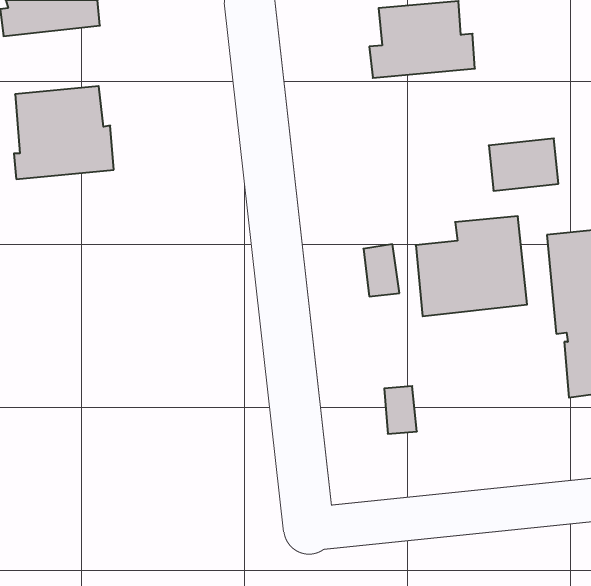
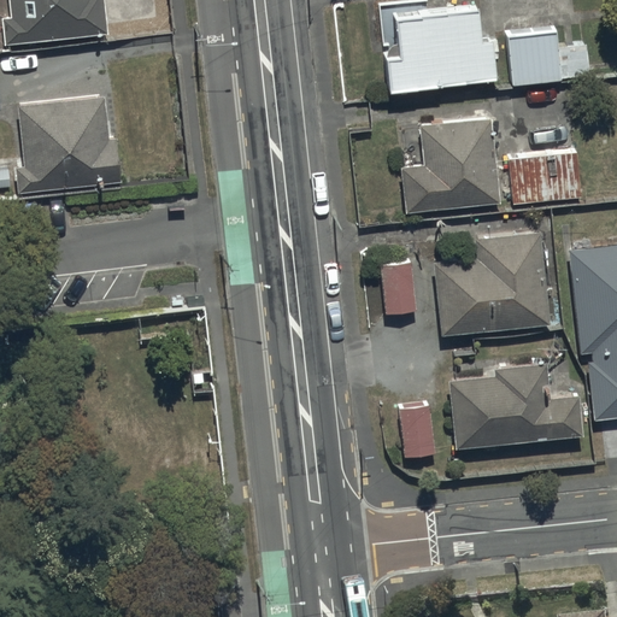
building: none -> [507,33,589,86]
building: none -> [401,118,498,213]
building: none -> [448,364,582,448]

